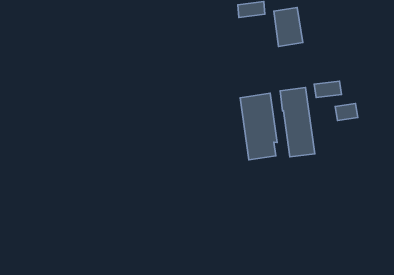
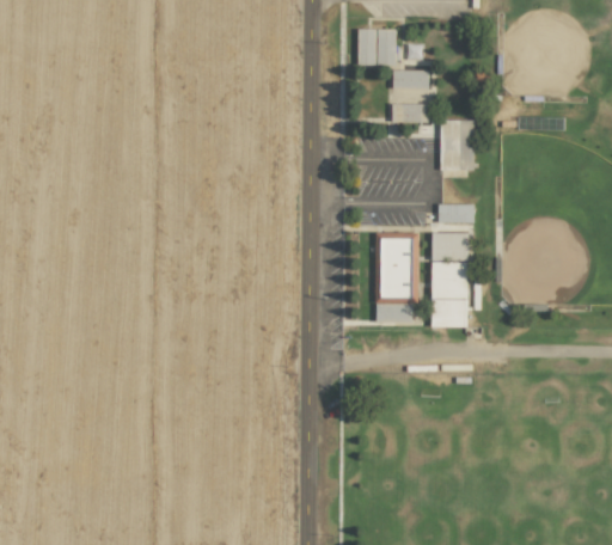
building: [314,81,341,98] -> [439,203,475,223]
building: [335,104,358,121] -> none

